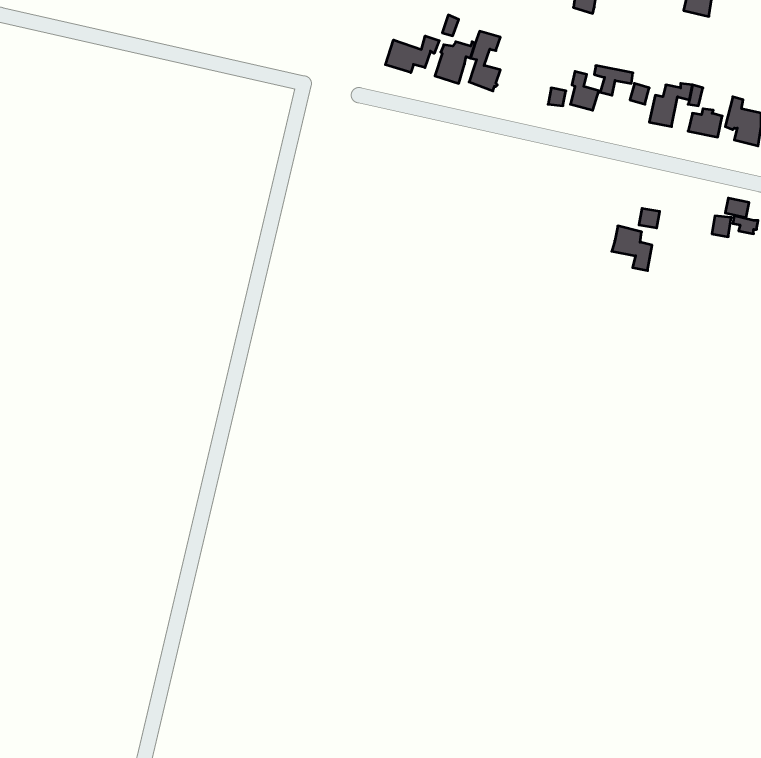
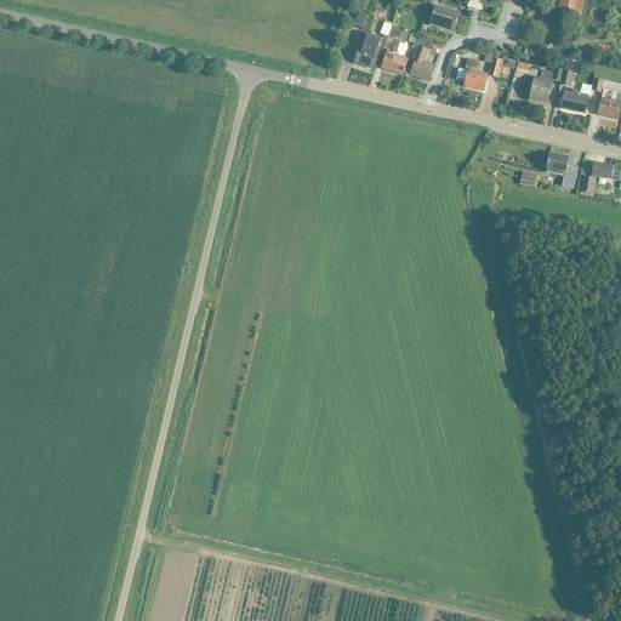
building: none -> [429,5,460,32]
building: [385,36,439,73] -> none
building: none -> [411,38,434,80]
building: [612,226,652,271] -> [545,152,577,188]

